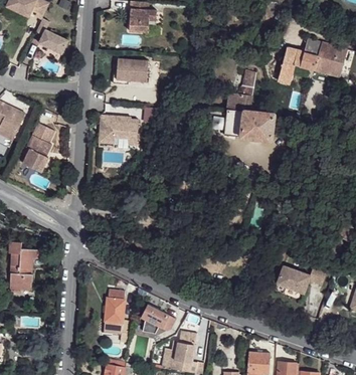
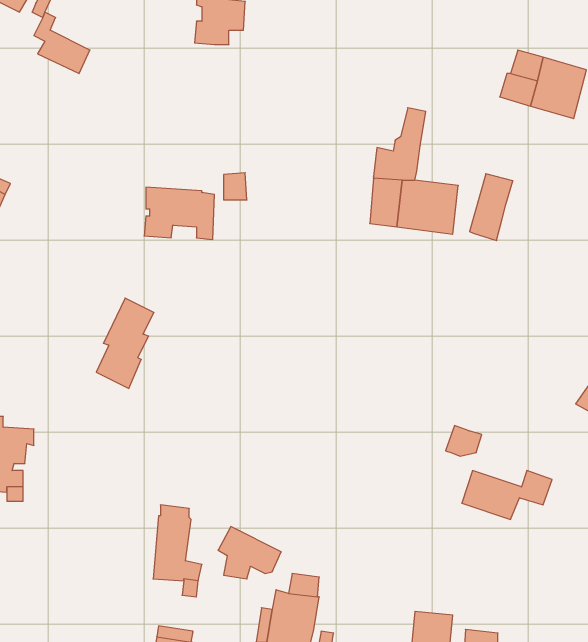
building: [277,47,301,84] -> [470,174,513,241]
building: [113,59,147,84] -> none
building: [23,123,55,173] -> [96,298,154,388]

